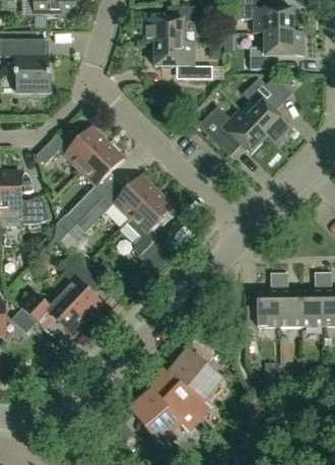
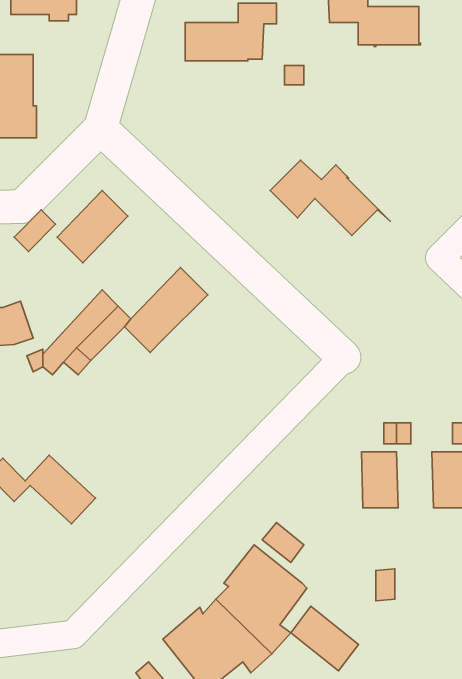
building: [250,31,303,68] -> none
building: [154,42,212,78] -> none
building: [247,77,290,144] -> none
building: [79,141,124,186] -> none
building: [120,191,174,264] -> none
building: [51,253,104,320] -> none
building: [278,290,302,326] -> none
building: none -> [291,606,358,671]

